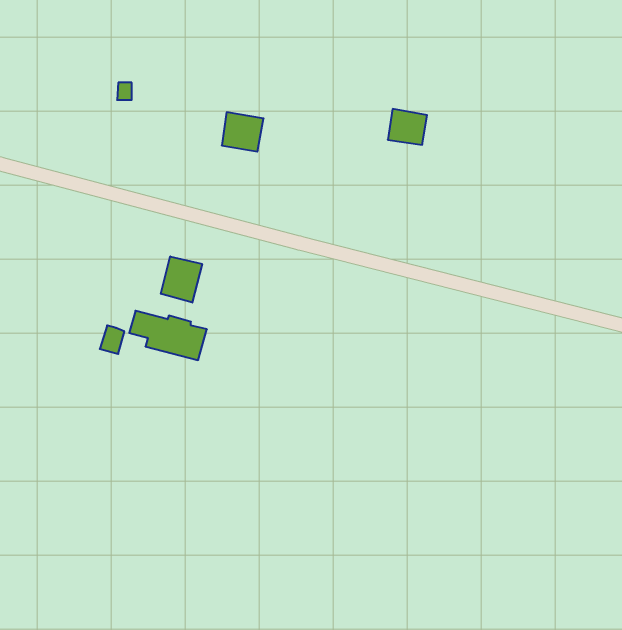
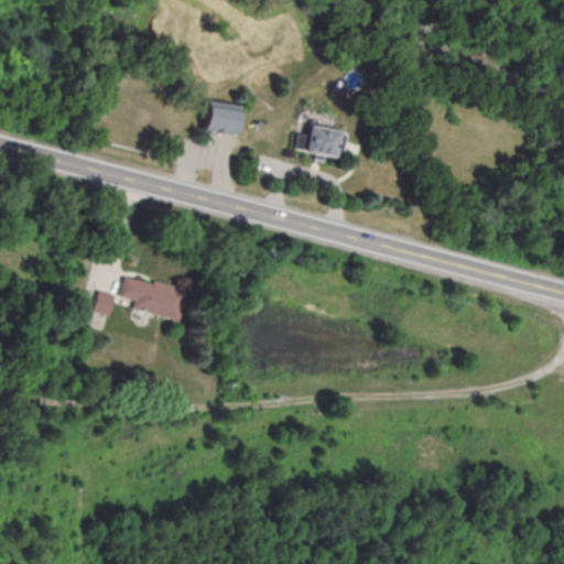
building: [388,109,427,145] -> [305,124,340,156]
building: [161,256,202,303] -> none

